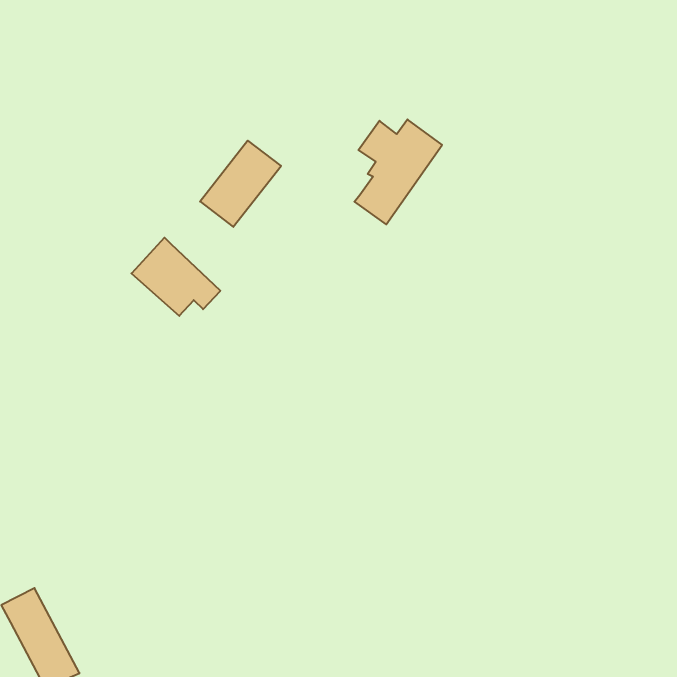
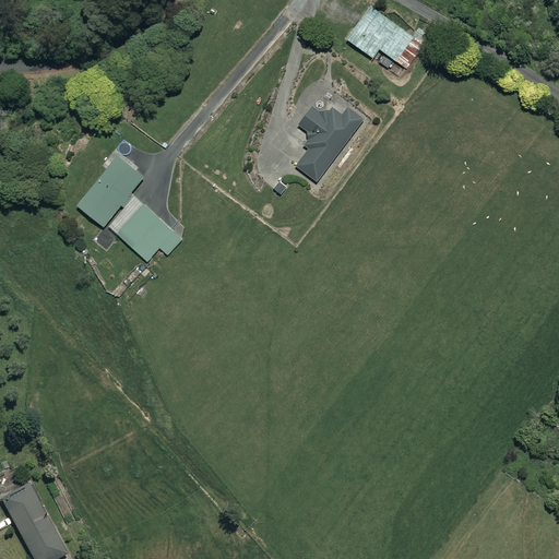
building: none -> [348,7,425,69]
building: [200,141,281,227] -> [79,155,145,226]

